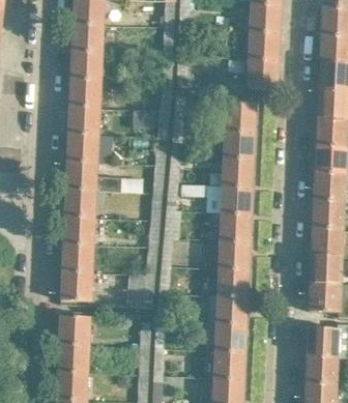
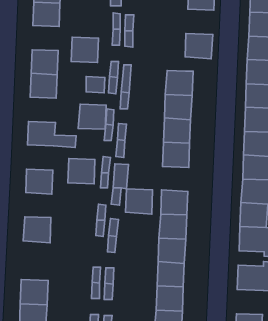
building: [237,31,280,61] -> none
building: [70,51,102,80] -> [71,37,98,62]
building: [66,134,98,163] -> [78,104,106,129]
building: [64,189,95,218] -> [68,159,95,184]
building: [220,213,251,242] -> [126,189,153,214]
building: [62,243,93,272] -> none
building: [58,316,90,345] -> none
building: [306,355,337,384] -> none

